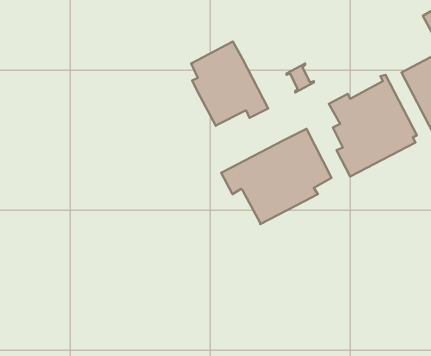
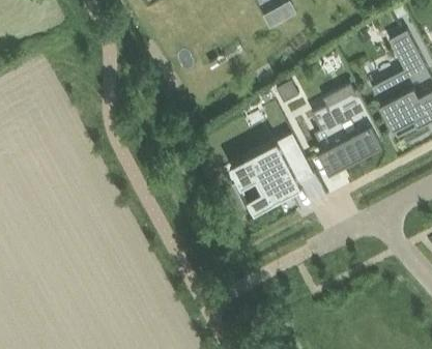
building: [191,41,268,126] -> none

